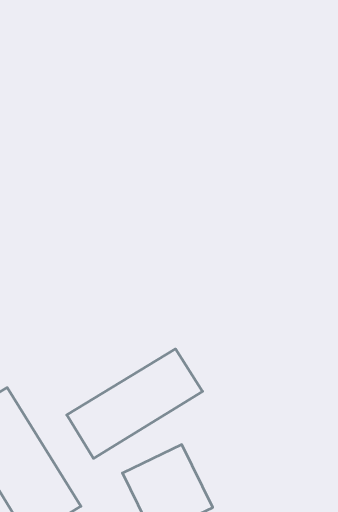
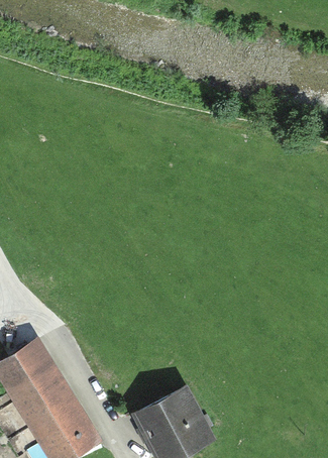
building: [67,349,203,458] -> none

